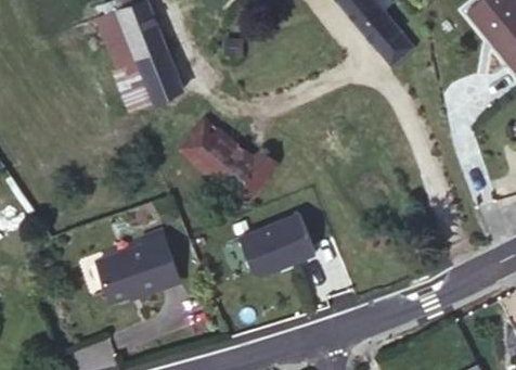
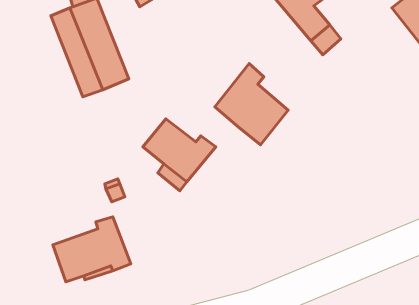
building: none -> [215,64,288,145]
building: [179,117,221,162] -> none
building: [237,212,314,281] -> none

